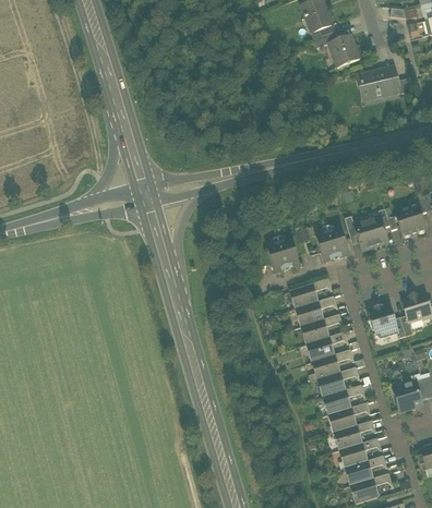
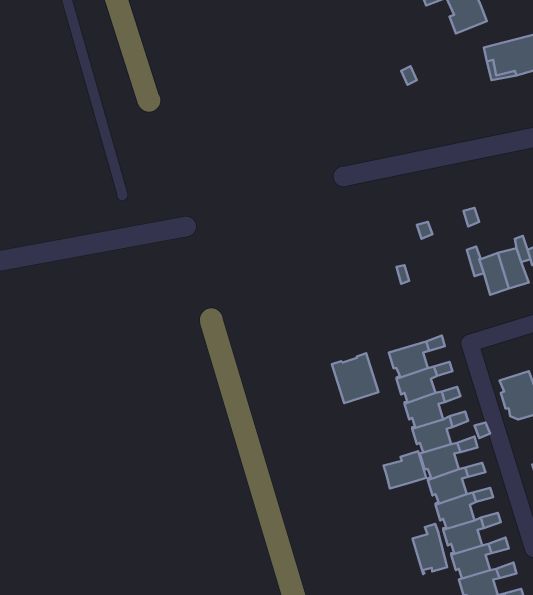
building: [316,227,349,263] -> none
building: [267,238,300,273] -> [332,353,379,403]
building: none -> [383,451,426,489]
building: none -> [412,524,447,574]

